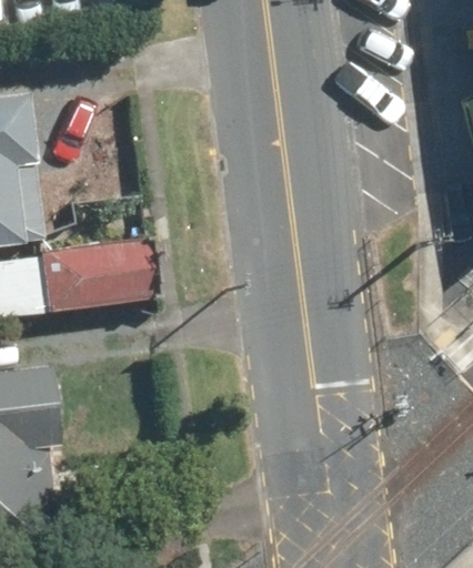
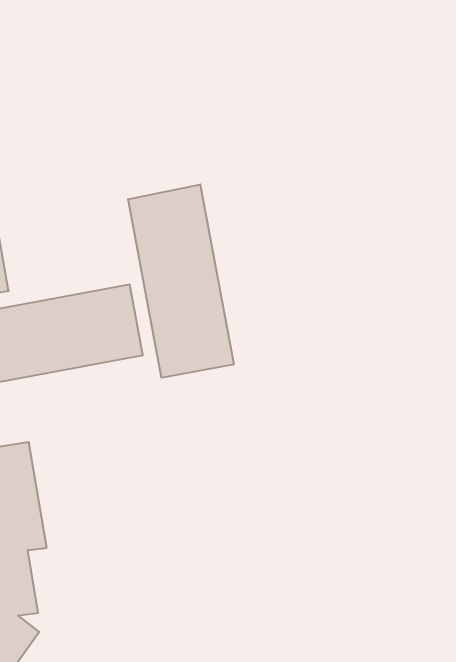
building: none -> [128,184,234,378]

